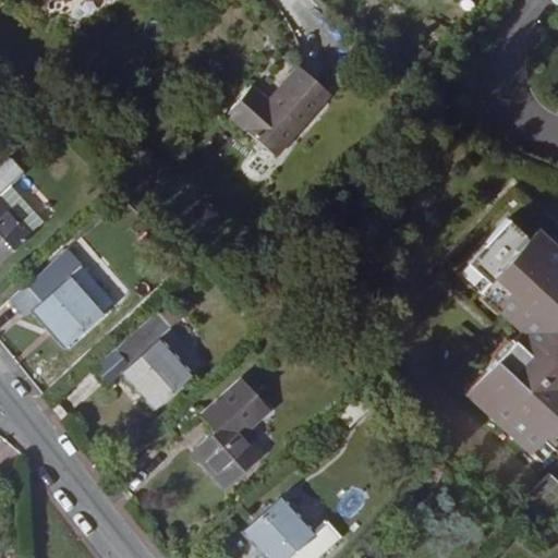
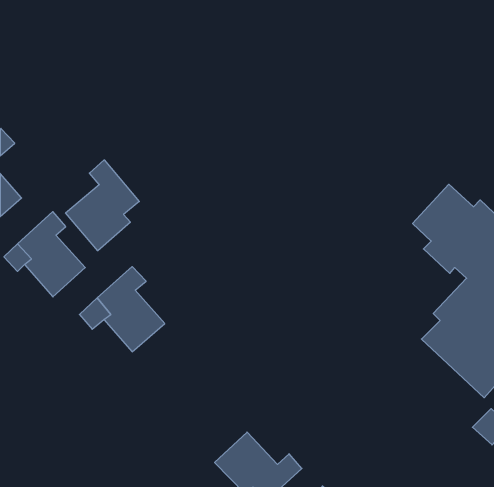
building: [230,69,333,159] -> none
building: none -> [66,160,139,251]
building: [195,376,264,486] -> none

